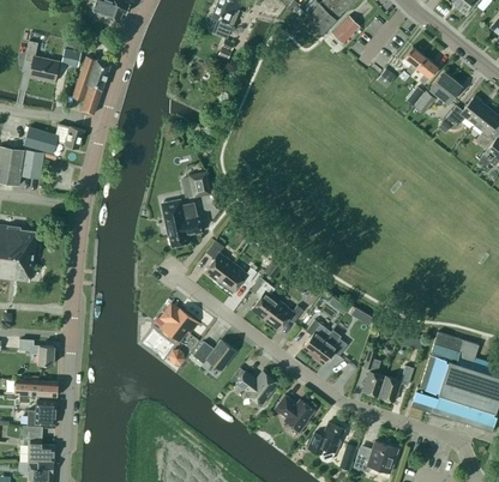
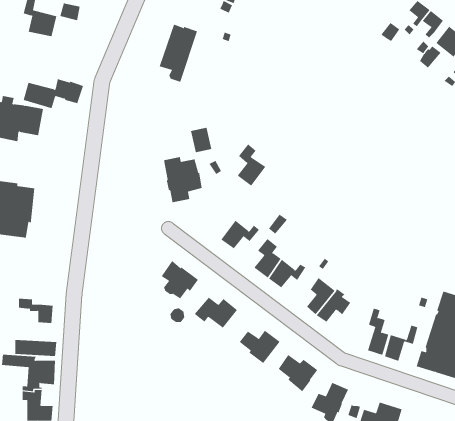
building: [72,56,110,114] -> [159,24,198,82]
building: [204,240,233,282] -> [237,144,266,186]

